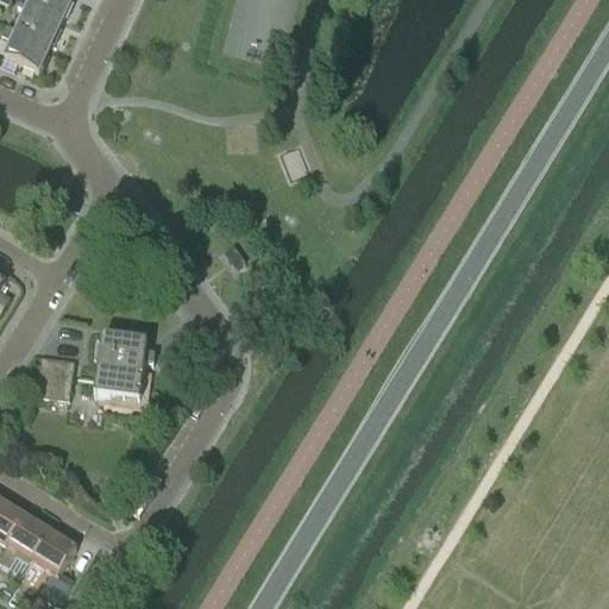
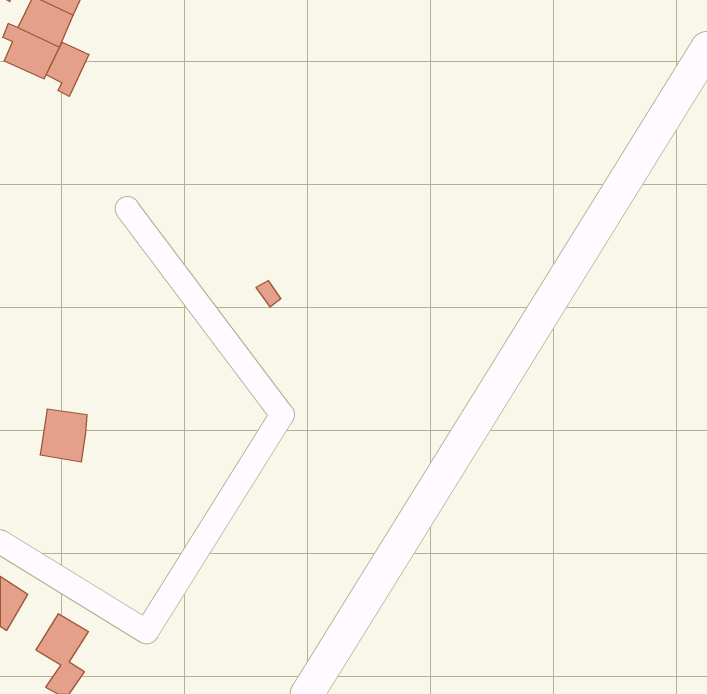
building: none -> [46,42,89,96]
building: [93,332,155,397] -> none
building: [6,511,50,559] -> none

